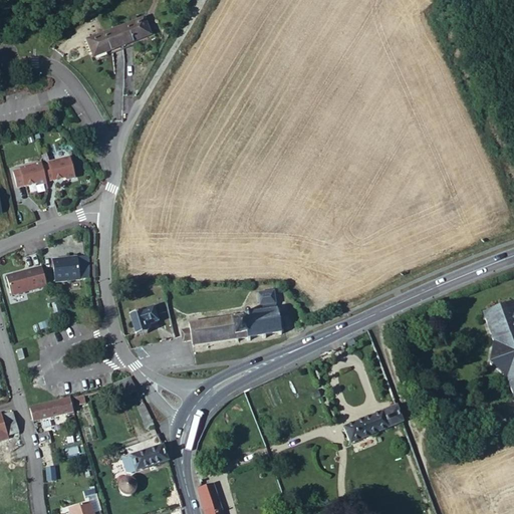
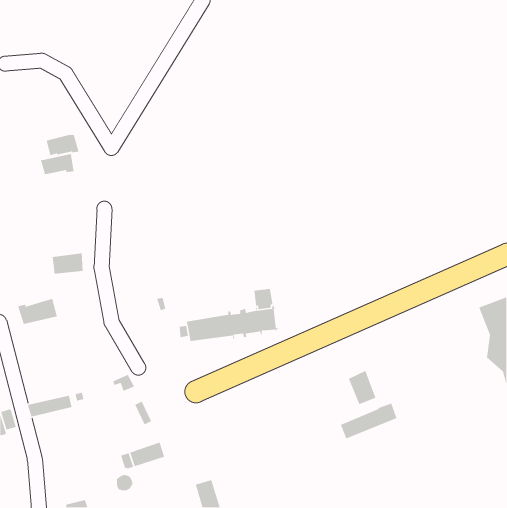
building: [88,11,153,53] -> none
building: [11,161,45,183] -> [46,134,80,156]
building: [7,264,48,291] -> [17,298,58,325]
building: [128,308,158,336] -> none
building: none -> [348,370,377,405]

